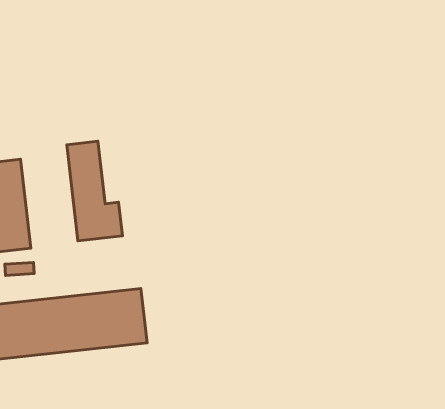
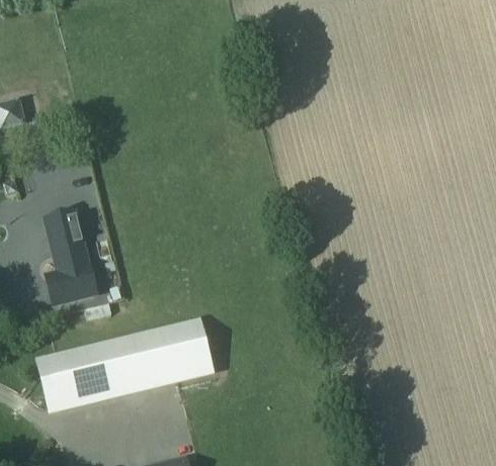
building: [67,141,123,241] -> none

